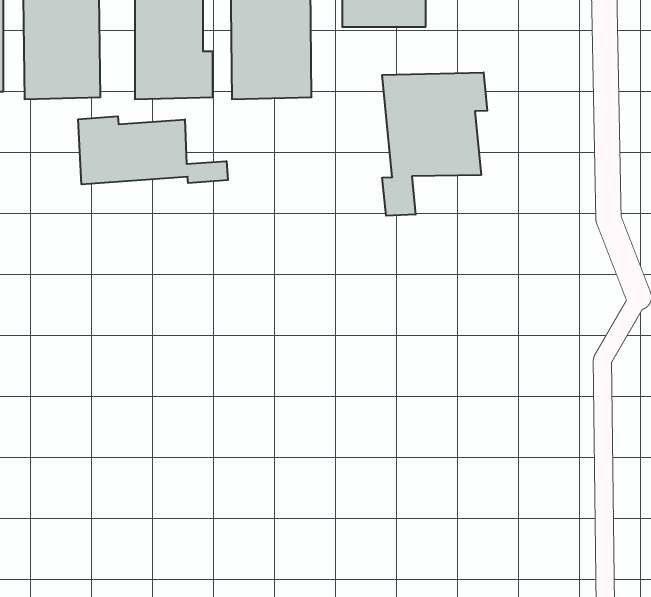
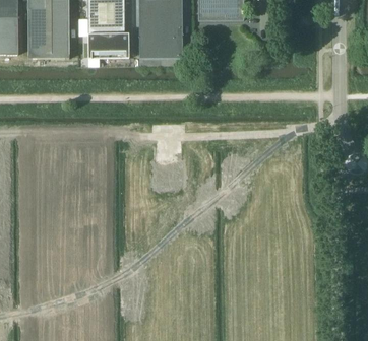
building: [382,72,487,216] -> none
building: [78,116,228,184] -> none

